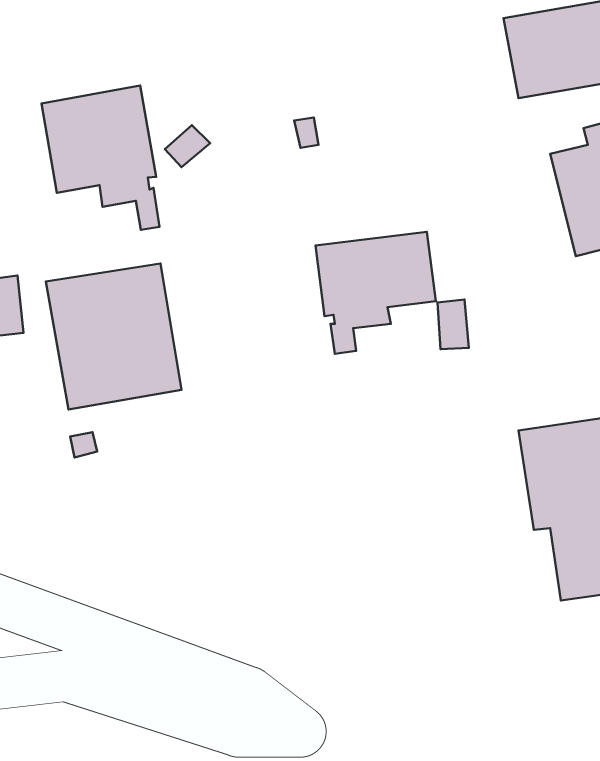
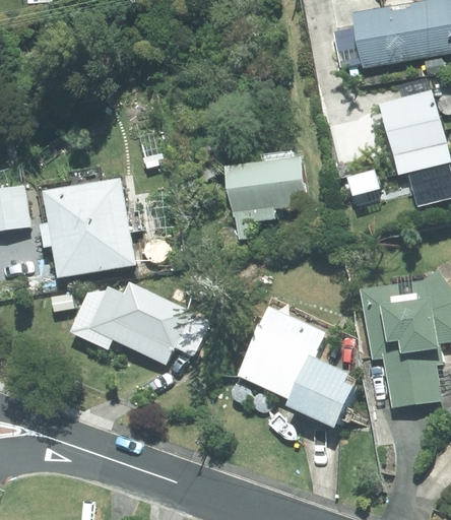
building: [42,86,160,230] -> none
building: none -> [69,282,209,365]
building: none -> [239,307,355,428]

